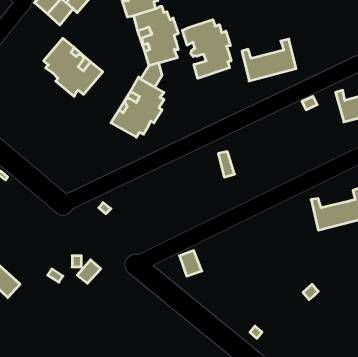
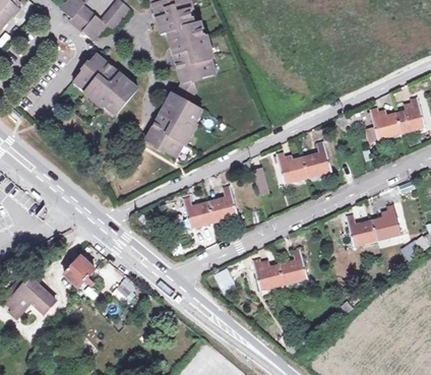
building: [182,20,231,78] -> none
building: [242,39,296,81] -> [276,142,330,184]
building: none -> [181,186,237,229]
building: none -> [251,249,306,291]
building: none -> [63,256,94,287]

